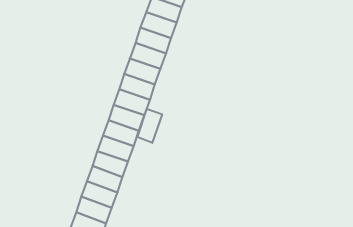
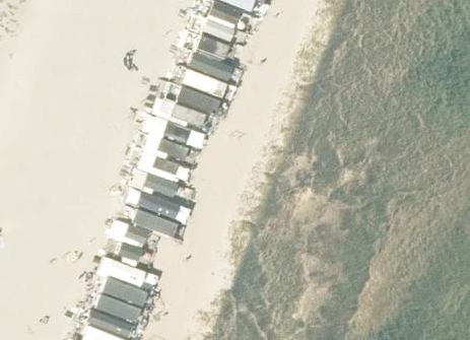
building: [137,109,162,143] -> none

